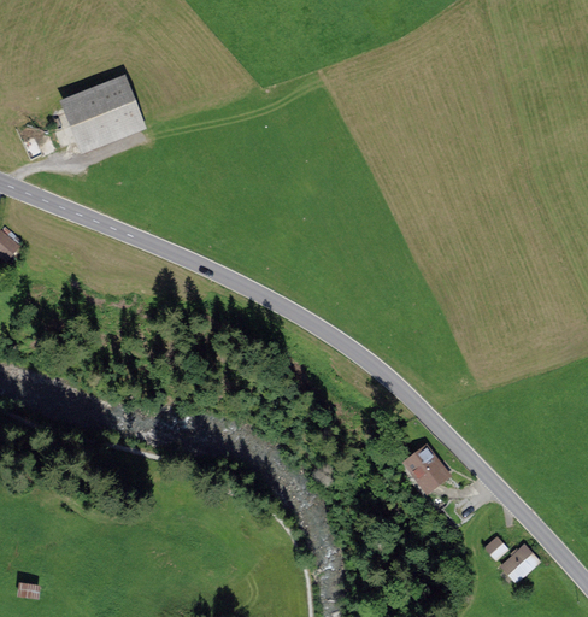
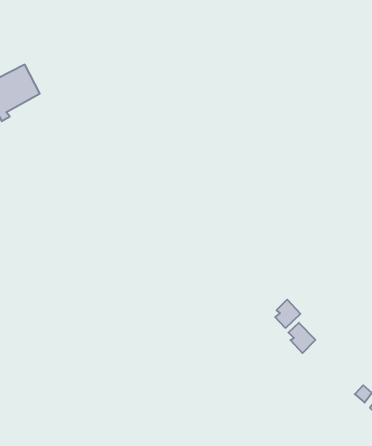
building: none -> [275,300,300,328]

